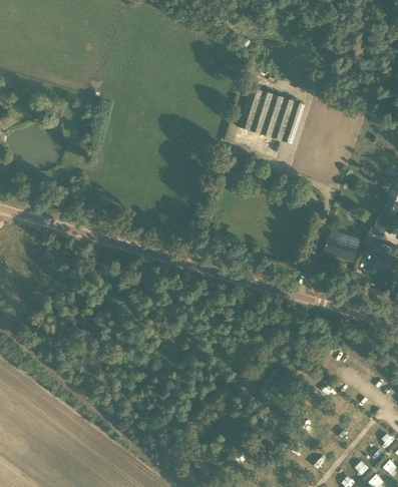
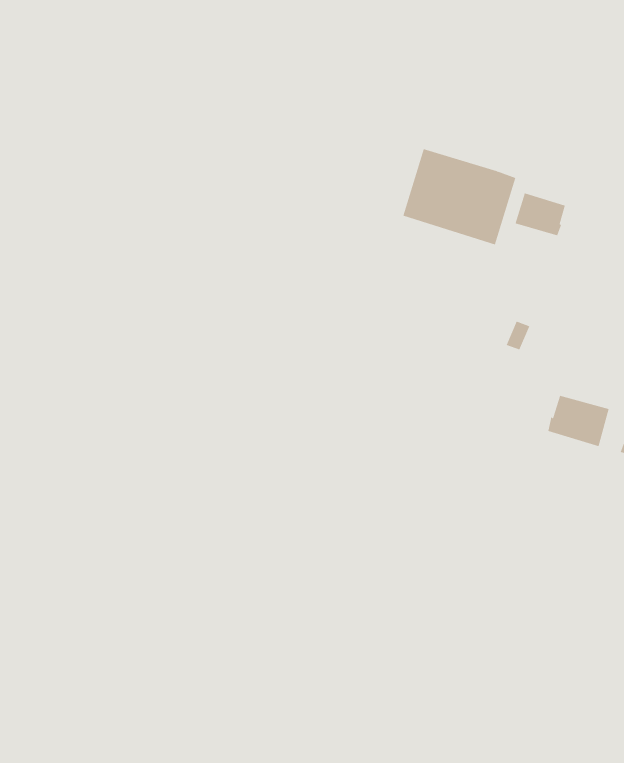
building: none -> [515,193,565,236]

